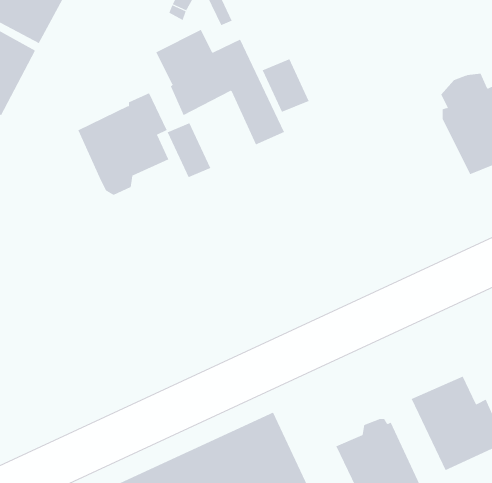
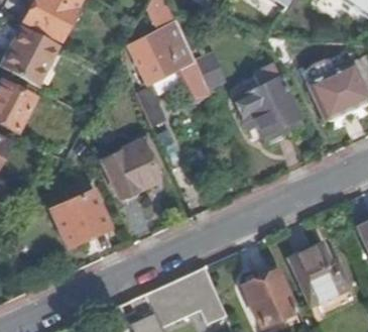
building: none -> [235,65,297,132]
building: [77,92,169,195] -> [103,137,159,201]
building: none -> [51,191,110,247]

